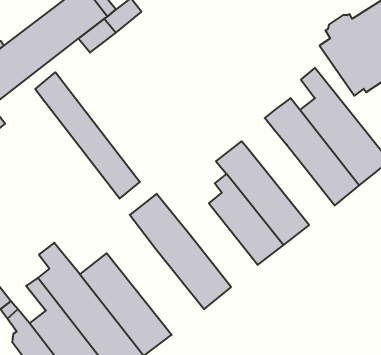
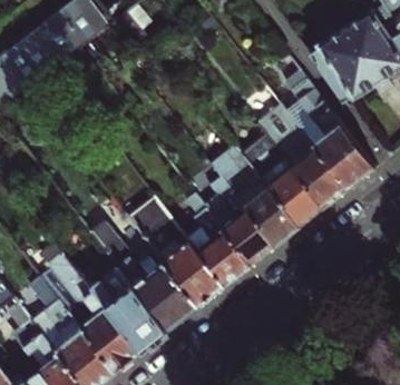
building: [35,72,140,199] -> none
building: none -> [242,136,324,227]
building: none -> [186,195,251,286]
building: none -> [89,223,199,332]

